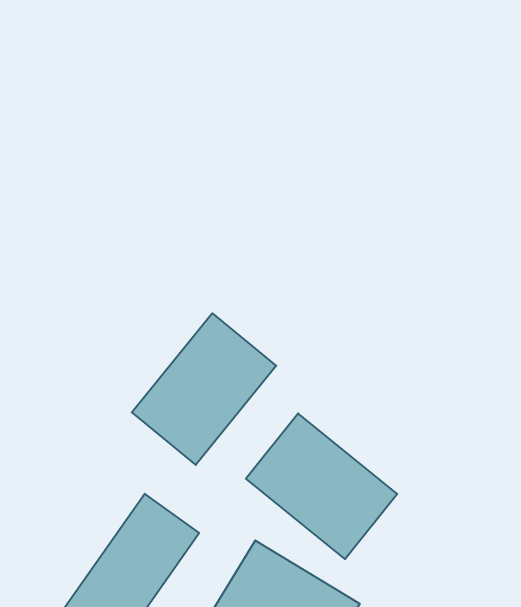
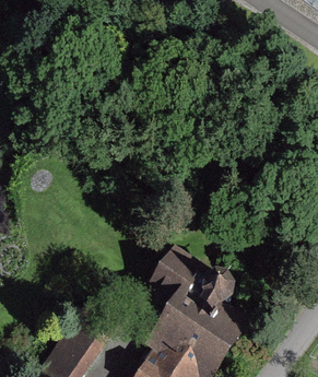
building: [132,313,276,465] -> none

